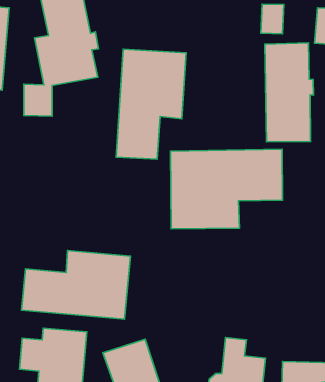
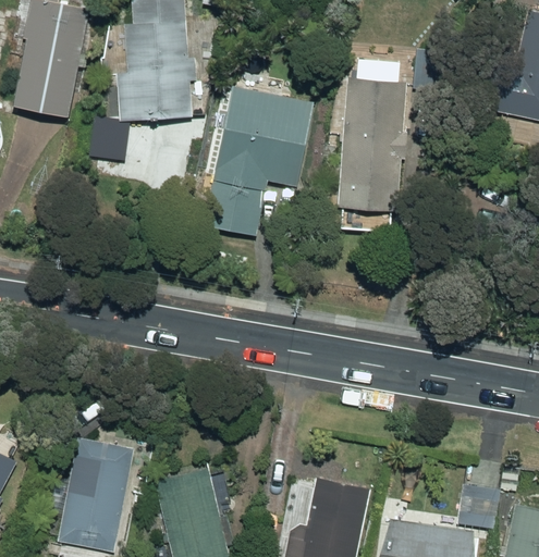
building: [265,43,314,142] -> [335,77,407,212]
building: [170,149,283,229] -> none
building: [21,250,131,319] -> none

